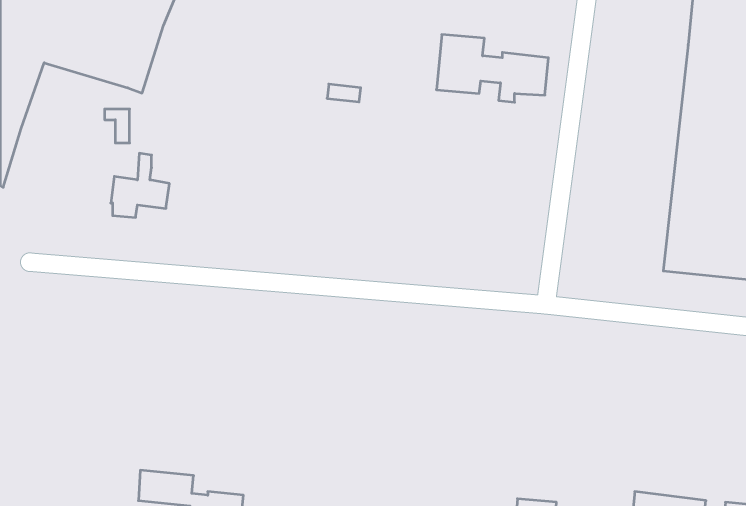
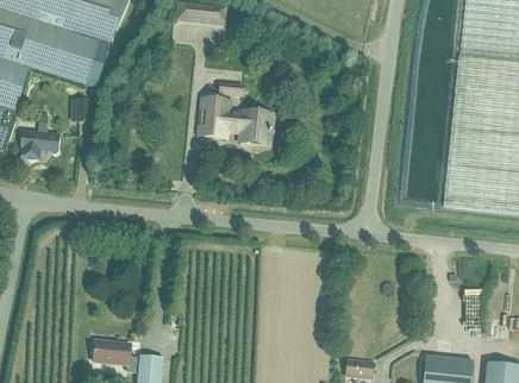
building: [436,35,548,102] -> [198,96,273,142]
building: [111,153,169,217] -> [20,113,60,156]

